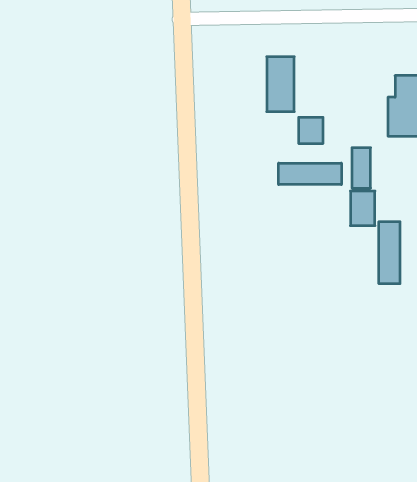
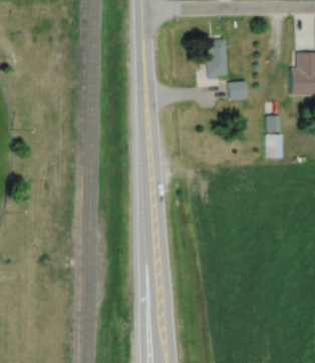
building: [279,163,341,185] -> none
building: [379,222,400,284] -> none

